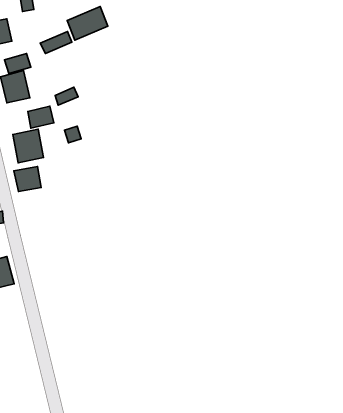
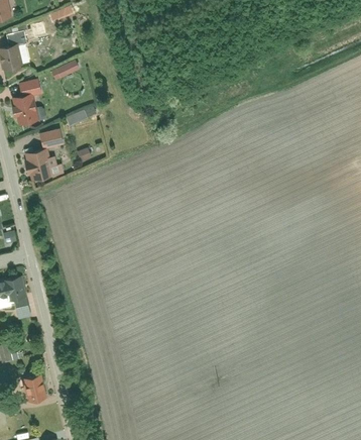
building: [67,7,108,40] -> none
building: [14,166,41,192] -> none
building: none -> [18,370,44,400]

